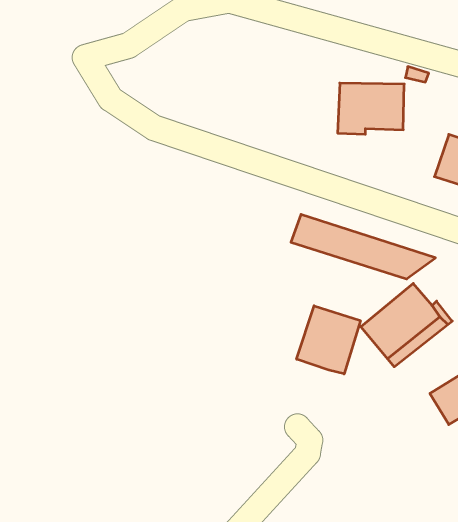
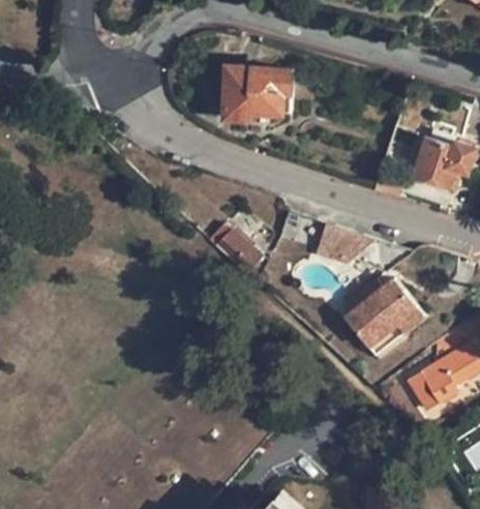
building: [338,83,404,134] -> [224,69,287,117]
building: none -> [209,224,261,274]
building: [297,306,360,374] -> none

